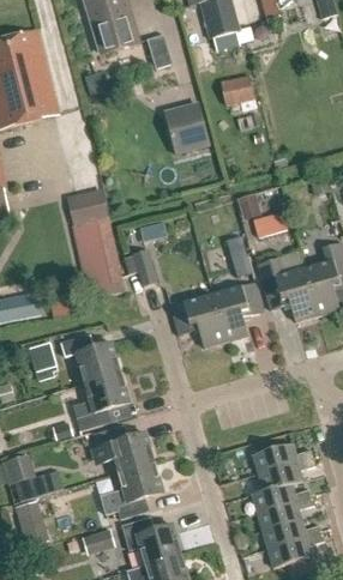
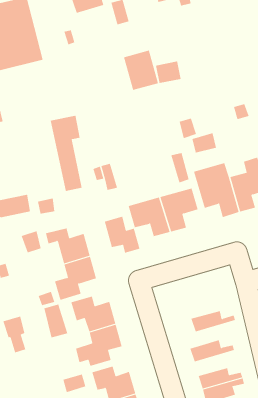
building: [221,74,255,104] -> [155,61,181,84]
building: none -> [104,216,140,254]
building: [259,458,315,491] -> none
building: [258,497,314,531] -> none
building: [16,499,48,544] -> [44,304,68,338]

